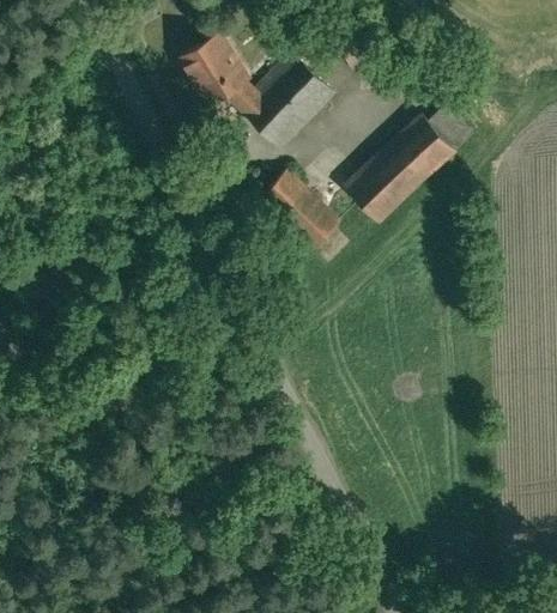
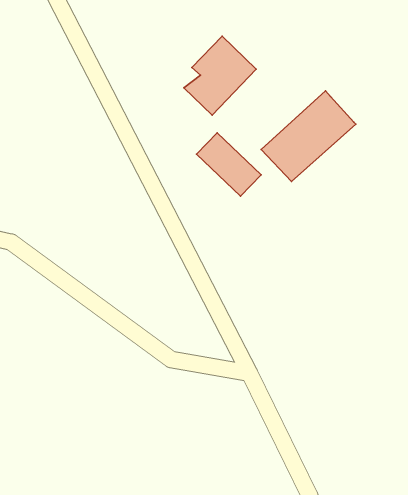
building: [180,30,266,113] -> none
building: [425,105,474,154] -> none

